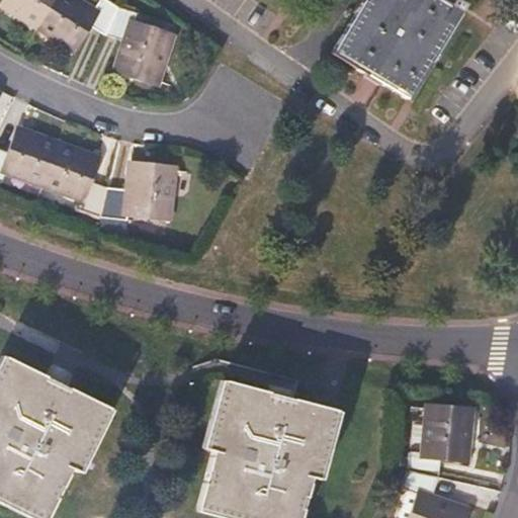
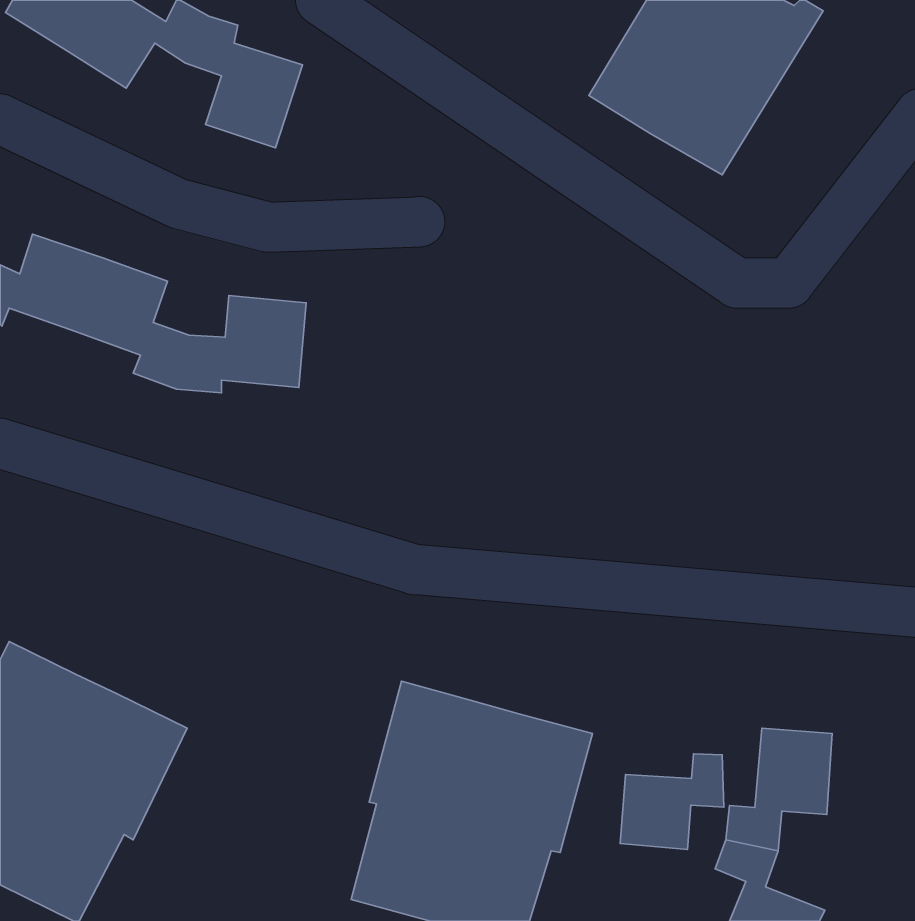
building: none -> [620,754,724,849]

